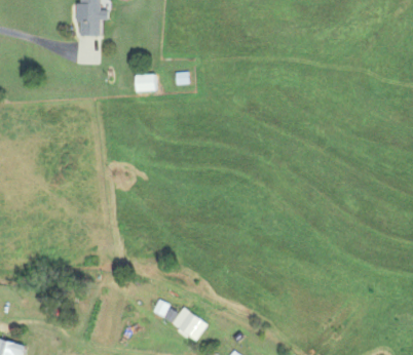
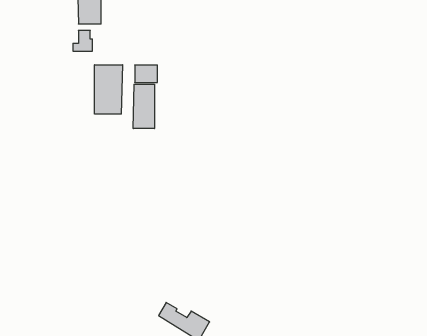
building: none -> [95,65,123,114]
building: none -> [133,84,154,129]

